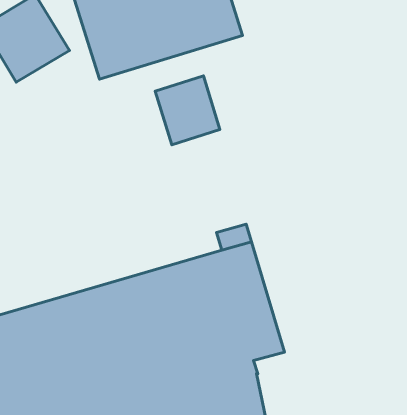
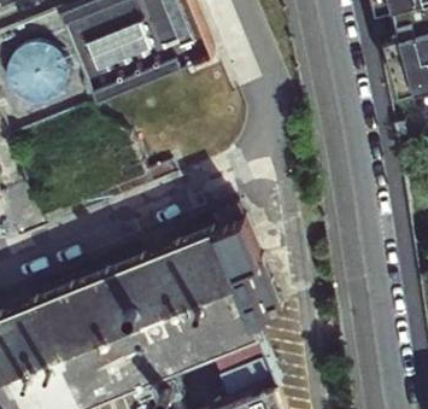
building: [155,76,220,145] -> none

